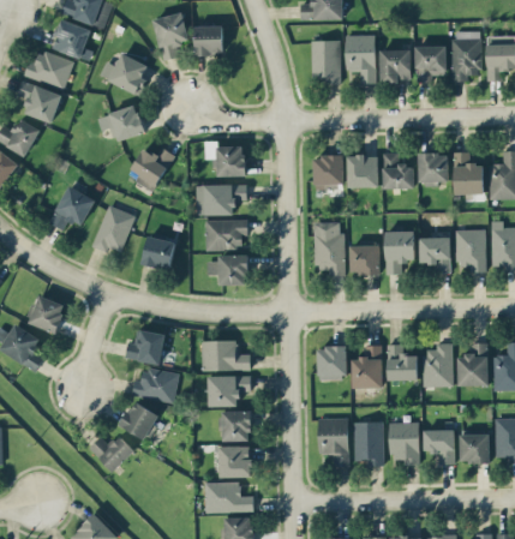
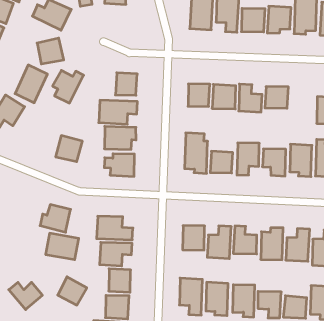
building: [453,152,483,194] -> none
building: [92,204,134,254] -> [15,65,47,103]
building: [121,401,160,438] -> [58,277,87,305]

